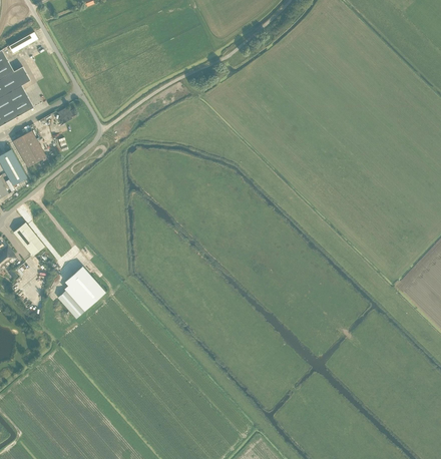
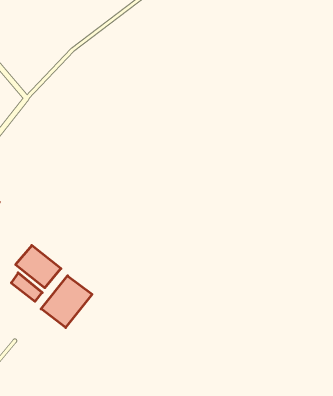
building: none -> [41,276,92,328]

